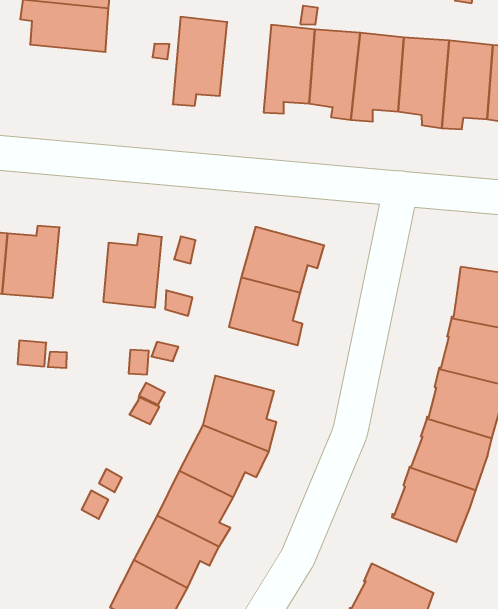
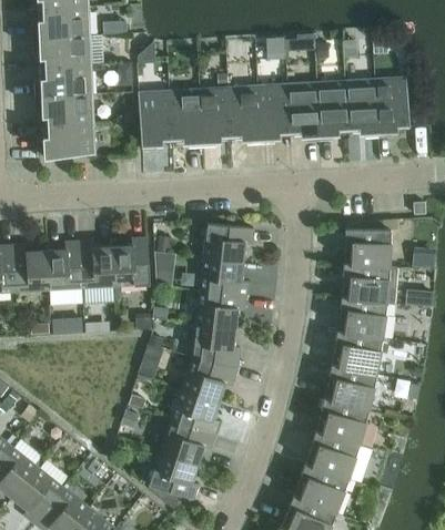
building: none -> [171,90,203,147]
building: none -> [38,123,95,156]
building: none -> [81,241,117,288]
building: none -> [196,291,247,328]
building: none -> [316,399,370,445]

